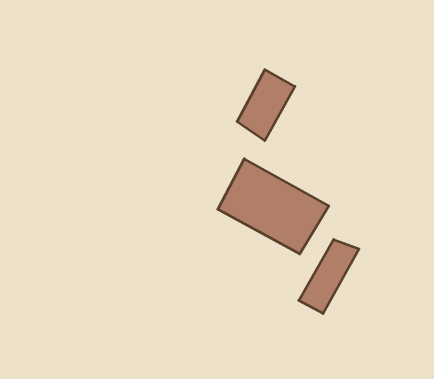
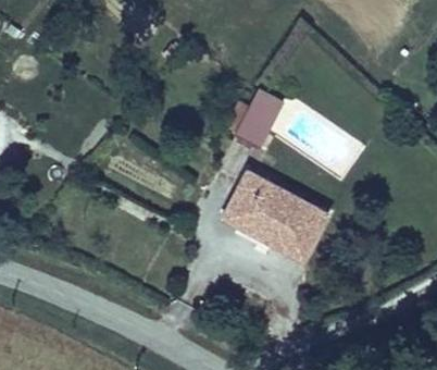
building: [299,239,359,314] -> none

